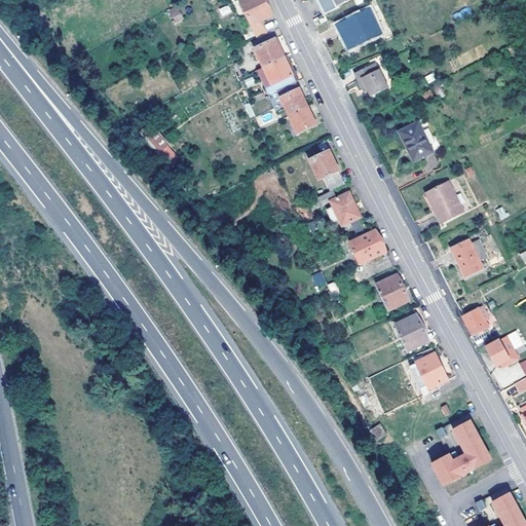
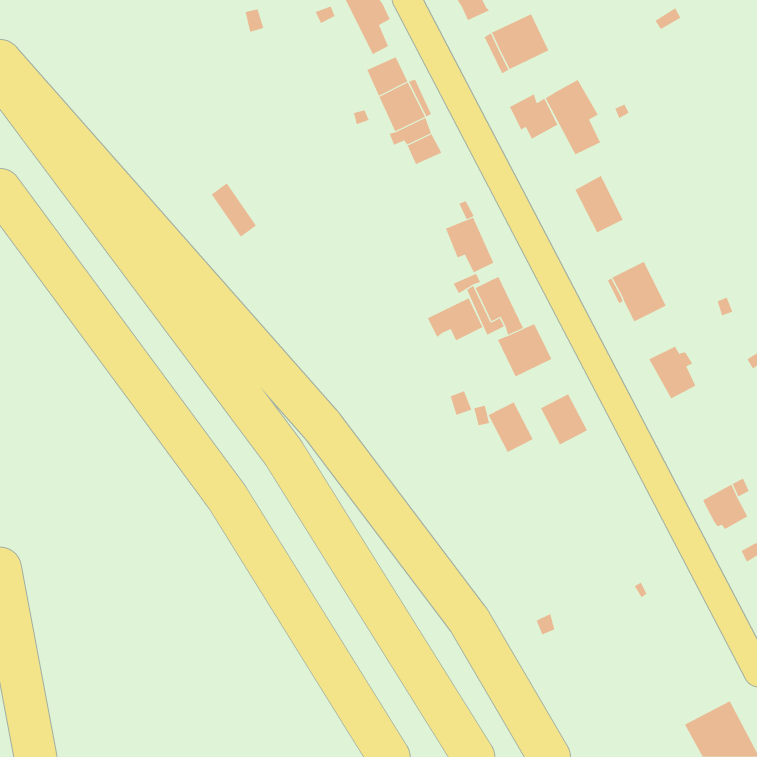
building: none -> [545,79,601,155]
building: [289,106,315,134] -> none
building: none -> [427,297,483,341]
building: none -> [488,402,534,453]
building: [463,306,489,334] -> none
building: [396,313,428,348] -> none
building: [410,351,448,387] -> none
building: [431,412,491,484] -> none

